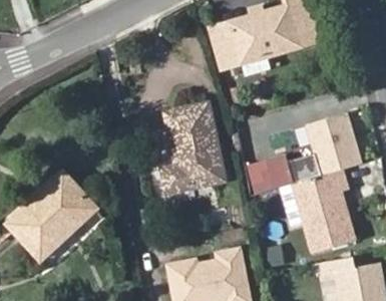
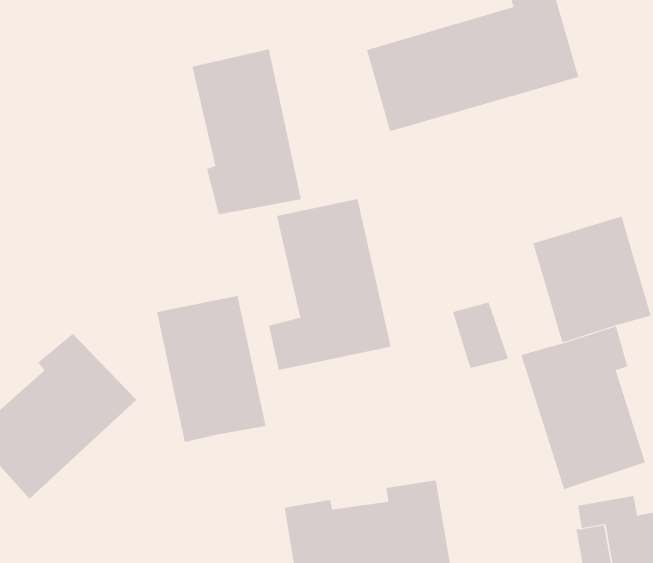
building: none -> [192,49,301,215]
building: none -> [156,295,266,443]

